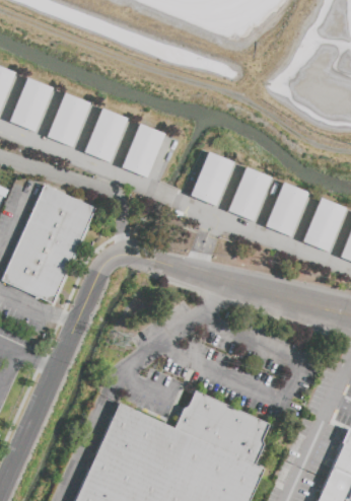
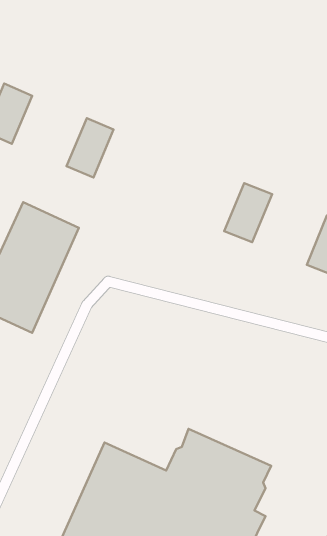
building: [48,93,90,147] -> none
building: [123,124,165,177] -> none
building: [191,152,235,207] -> none
building: [266,183,308,236] -> none

